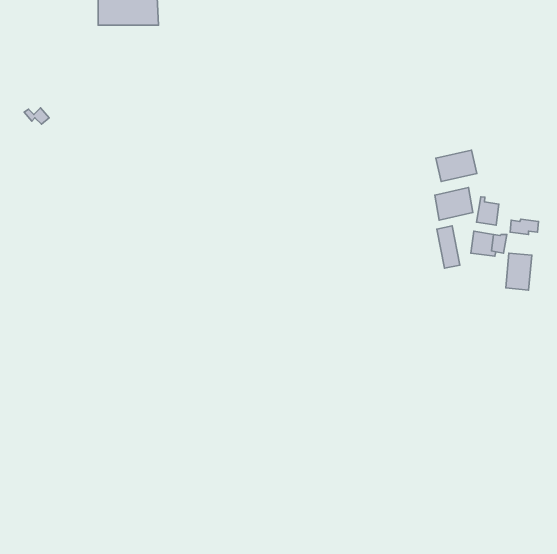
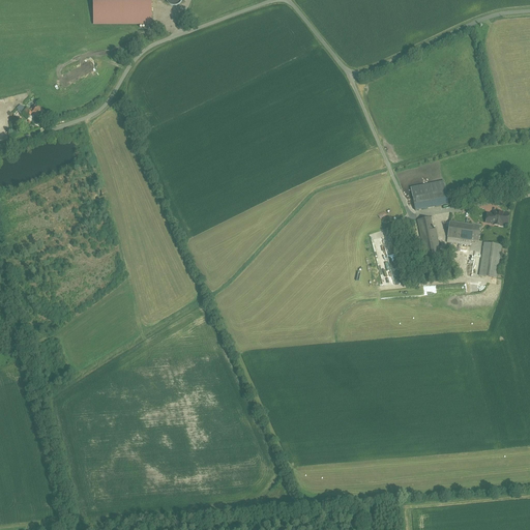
building: [436,150,477,181] -> none
building: [477,197,499,225] -> none

